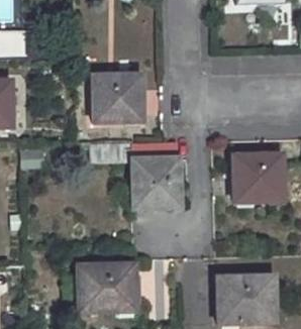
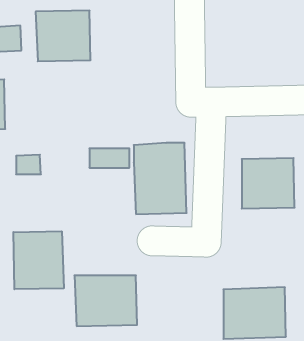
building: [92,75,143,122] -> [36,11,91,61]
building: none -> [13,231,64,289]

